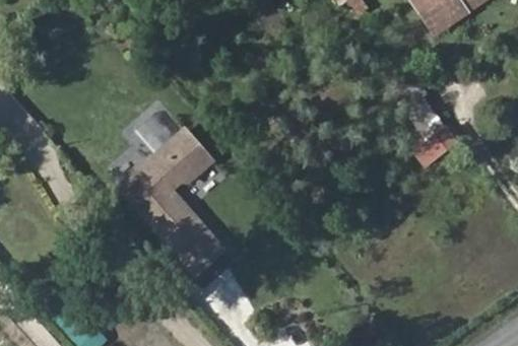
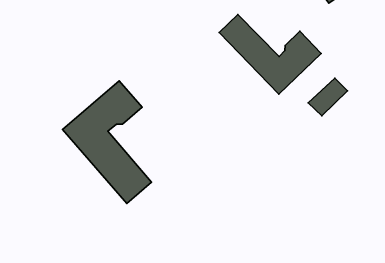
building: none -> [219,15,321,94]

